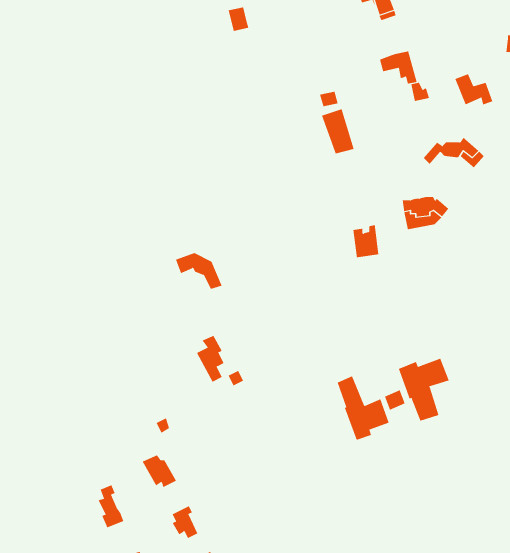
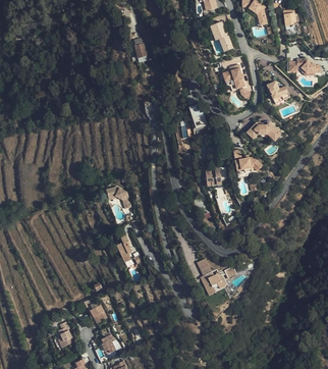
building: [398,358,449,422] -> none

